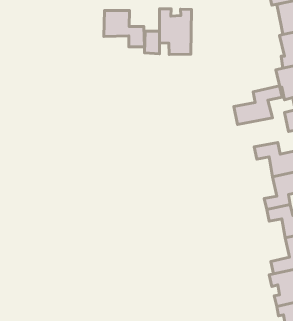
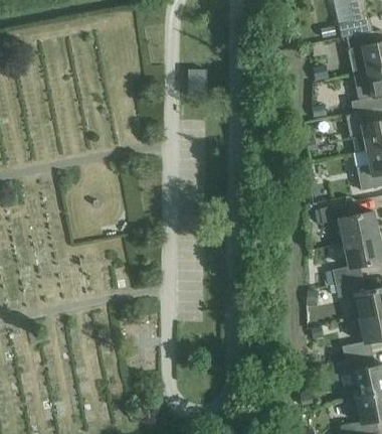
building: [159,9,192,55] -> none
building: [104,10,145,47] -> none
building: [234,86,282,125] -> none

